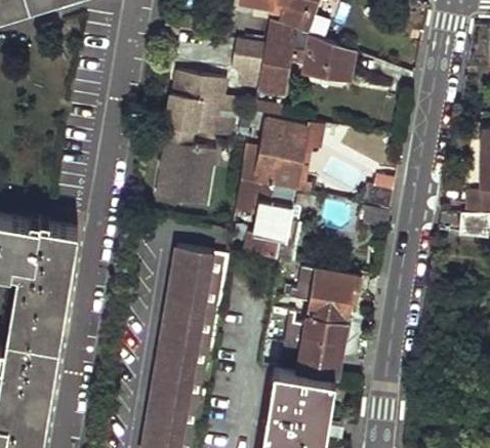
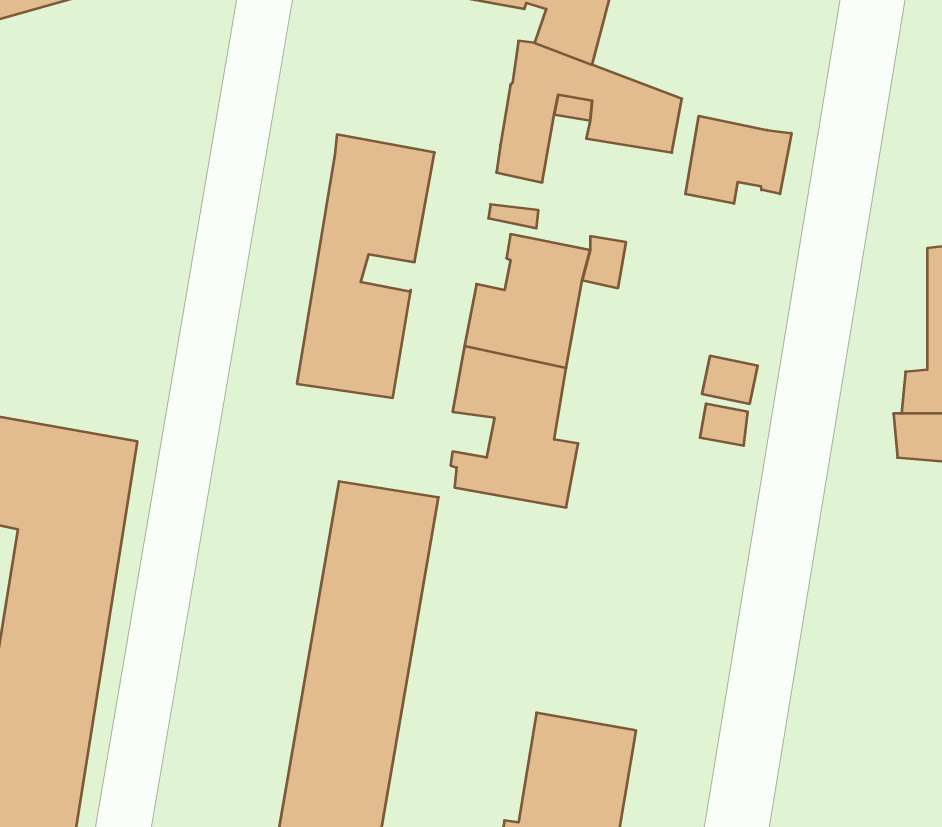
building: [230,41,266,77] -> none
building: none -> [685,116,791,204]
building: [262,270,358,379] -> none

